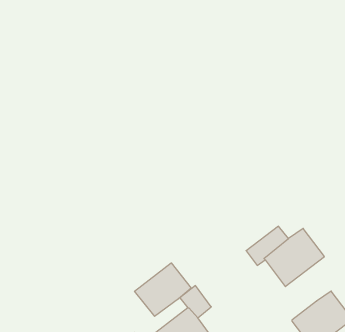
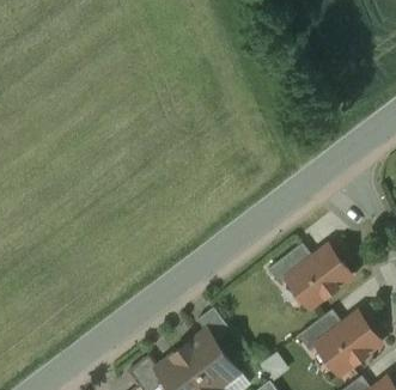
building: [135,263,191,316] -> none
building: none -> [298,310,343,352]

